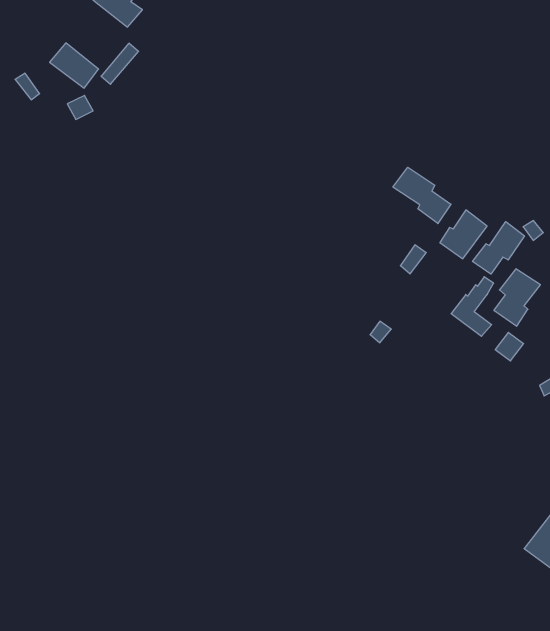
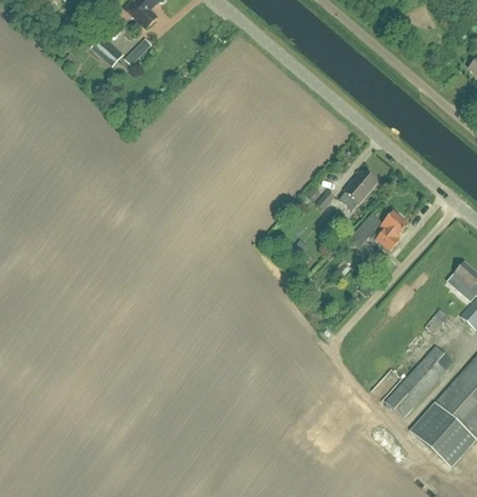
building: [393,167,451,224] -> none
building: [473,222,524,274] -> none

